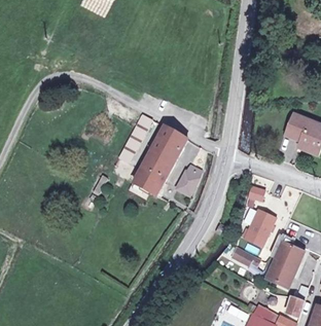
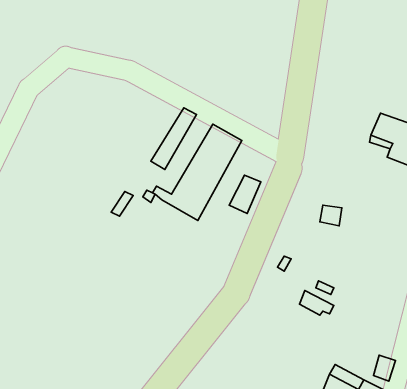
building: [246,209,274,244] -> none
building: [268,238,302,288] -> none

